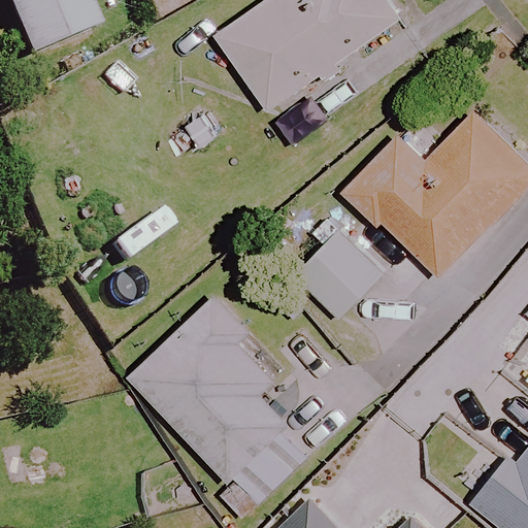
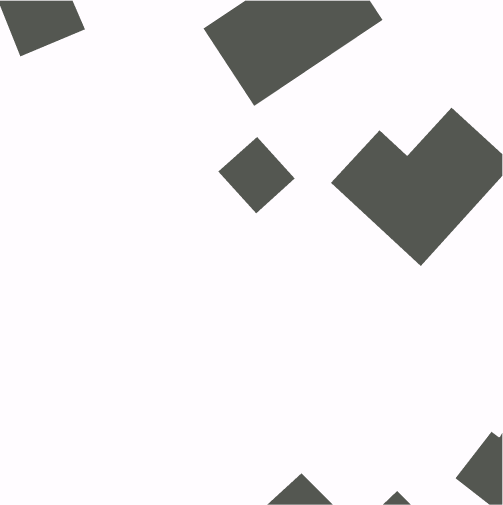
building: [303,231,385,312] -> [218,136,296,214]
building: [130,296,293,521] -> none

